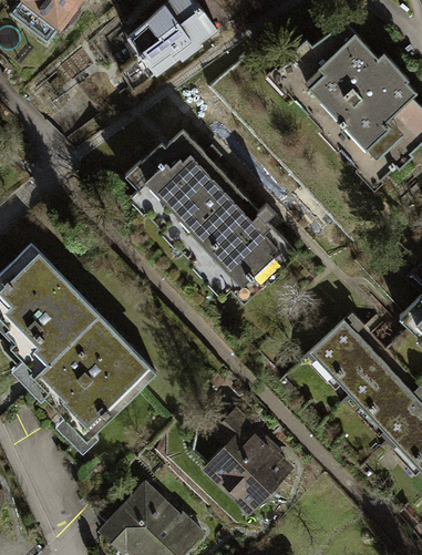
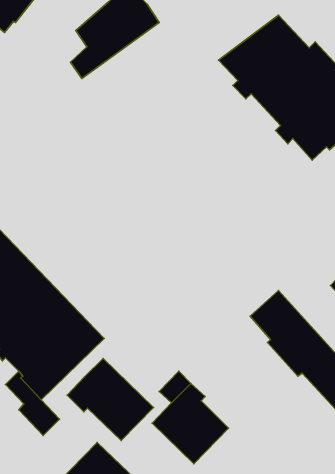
building: [126,125,298,302] -> none
building: none -> [67,358,154,441]

